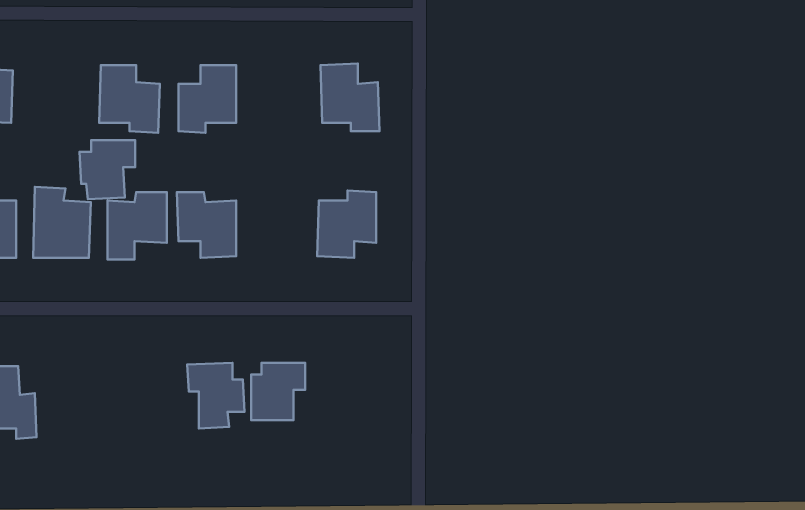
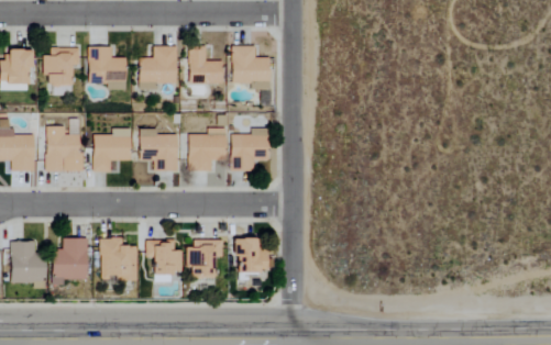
building: none -> [190,46,224,84]
building: [79,140,135,199] -> [44,47,80,86]
building: none -> [189,127,228,170]
building: none -> [54,237,89,279]
building: none -> [236,237,269,272]
building: none -> [101,238,139,280]

